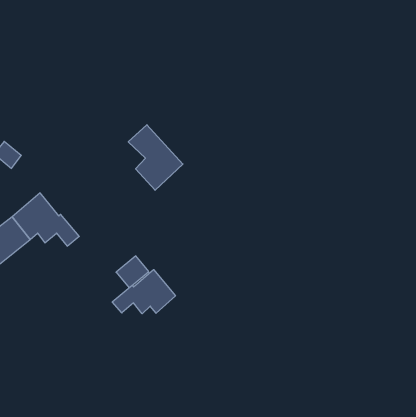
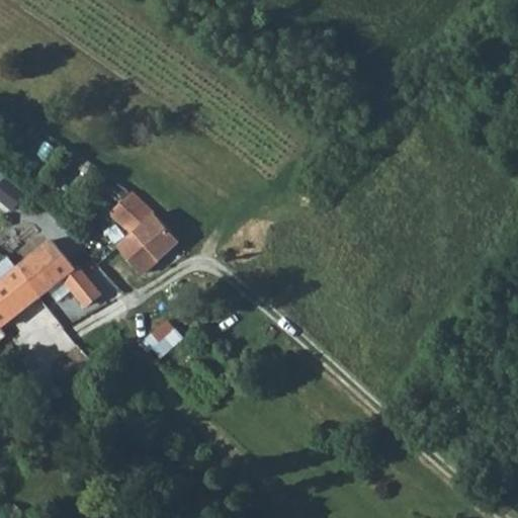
building: [128,125,183,190] -> [108,192,176,273]
building: [112,270,175,314] -> none

